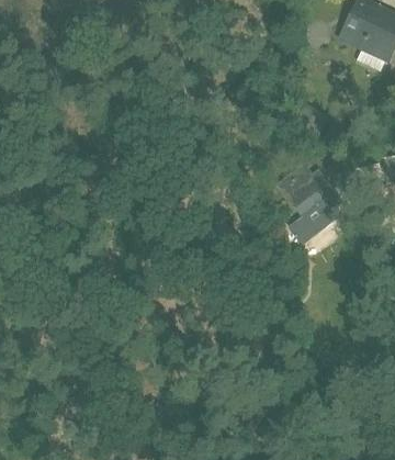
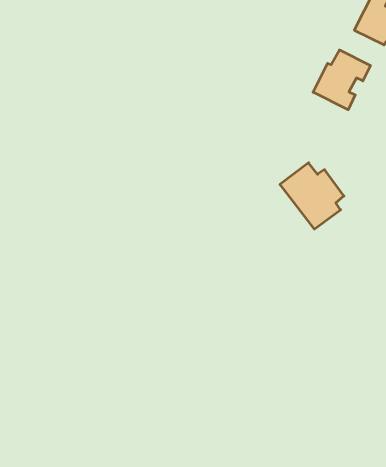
building: none -> [313,50,370,110]

